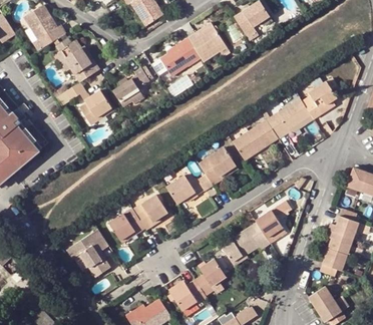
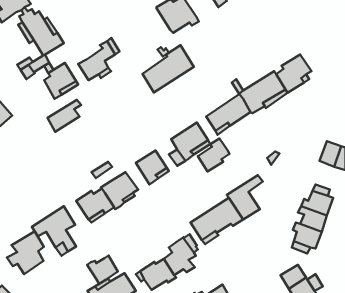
building: [150,36,201,82] -> [142,45,194,93]
building: none -> [48,100,81,132]
building: none -> [198,138,229,172]
building: none -> [7,231,44,274]
building: none -> [87,256,118,284]

